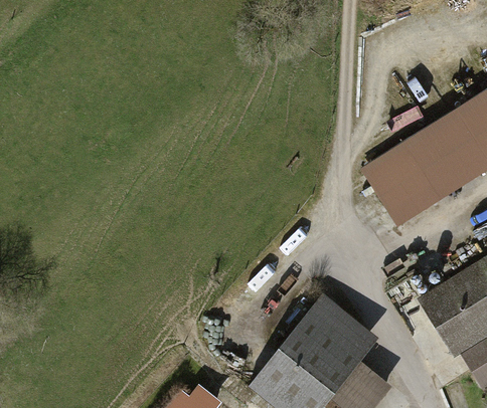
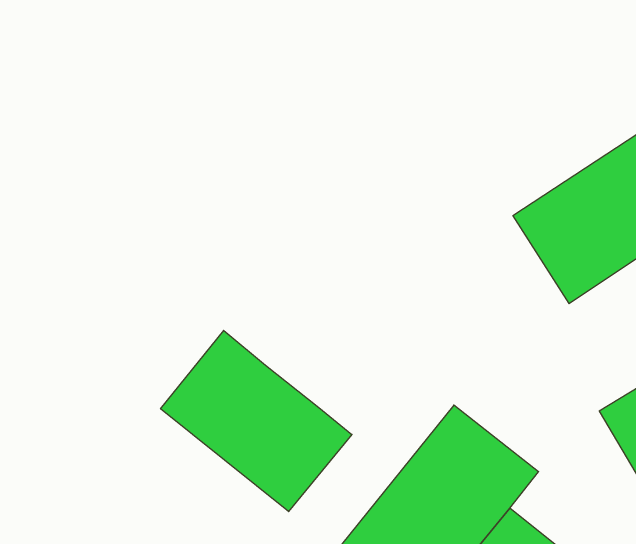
building: none -> [161,330,352,512]

